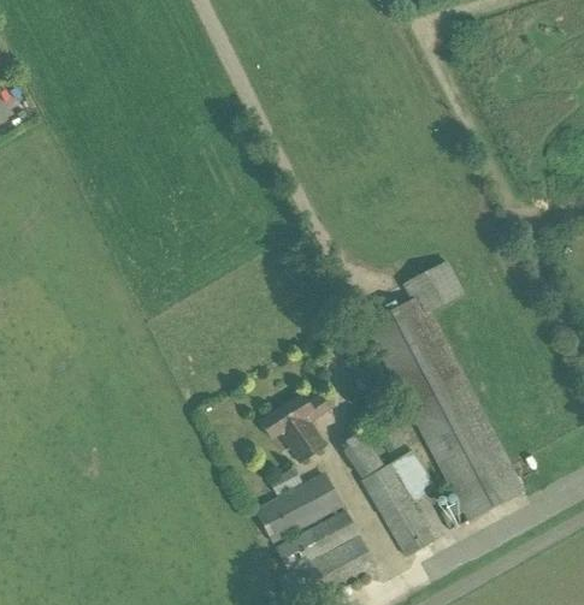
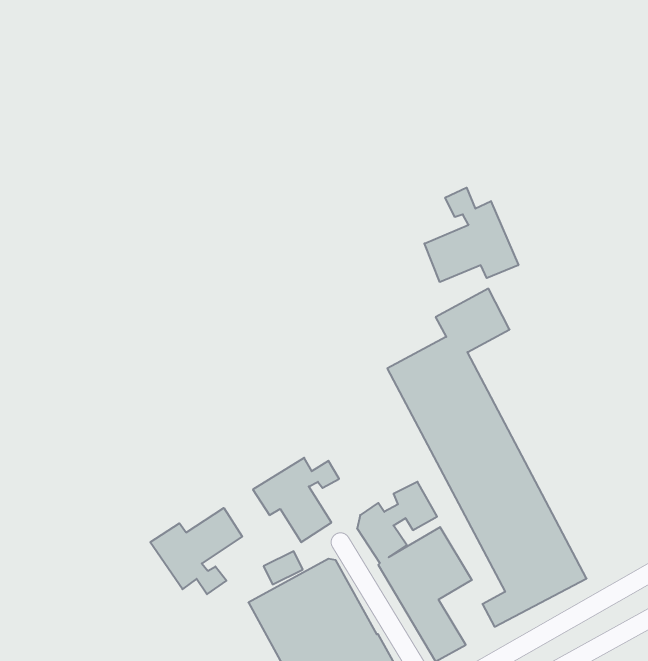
building: none -> [424,188,518,282]
building: none -> [150,508,242,594]

